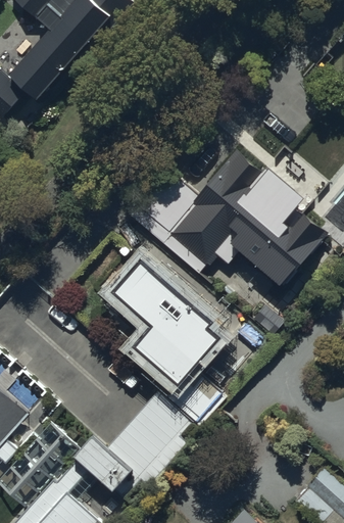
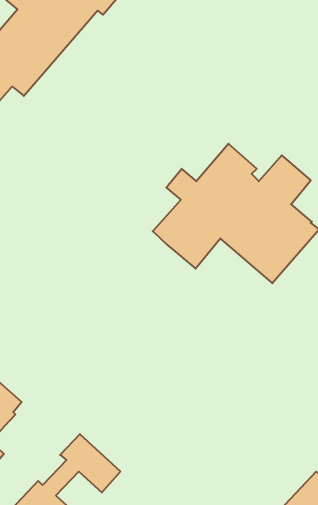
building: [114,258,229,427] -> none

